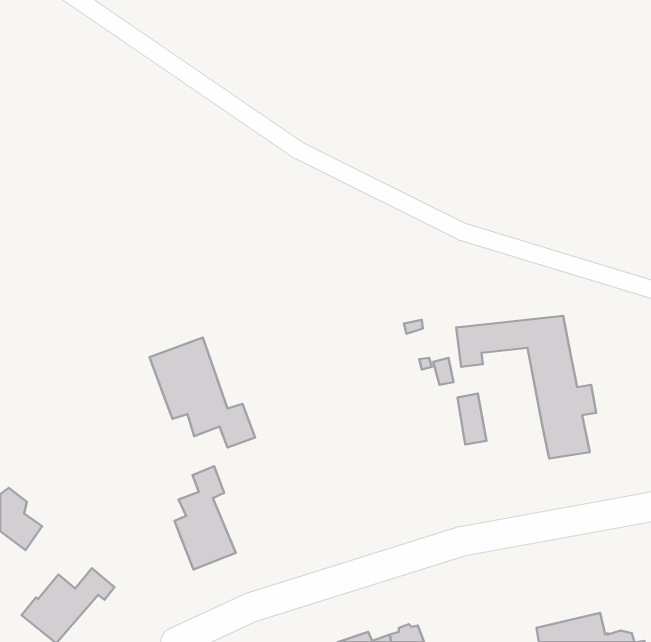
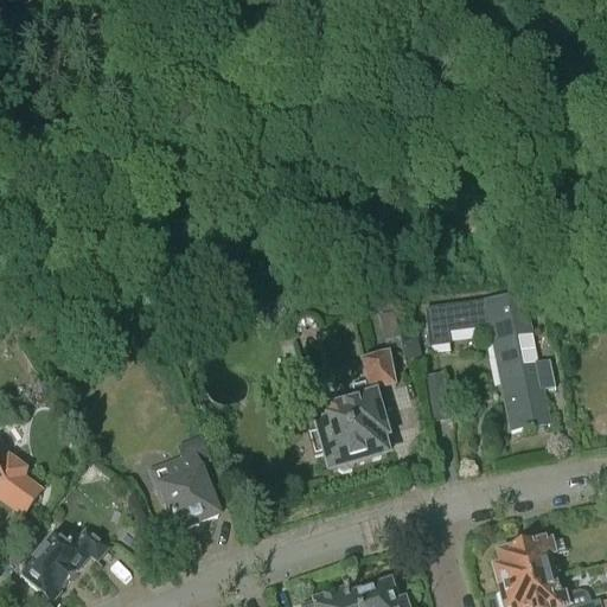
building: [150,338,255,447] -> none
building: none -> [313,352,395,468]
building: none -> [494,536,566,584]

